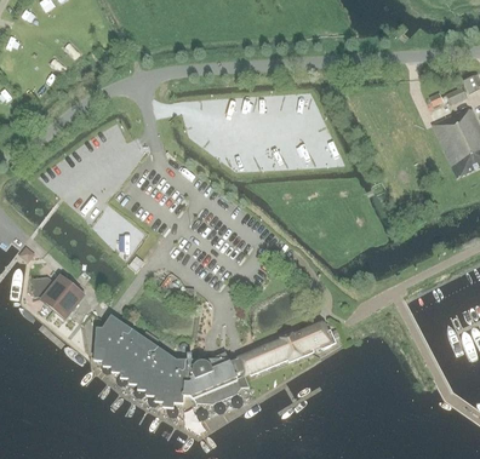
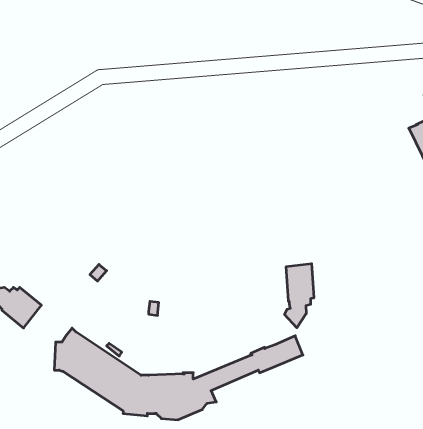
building: none -> [285,264,314,328]

